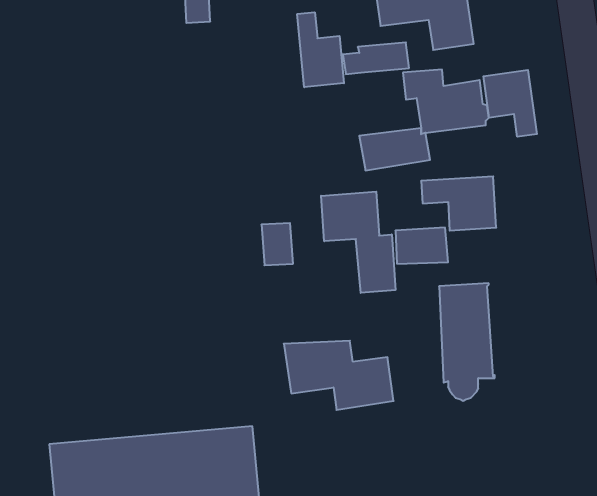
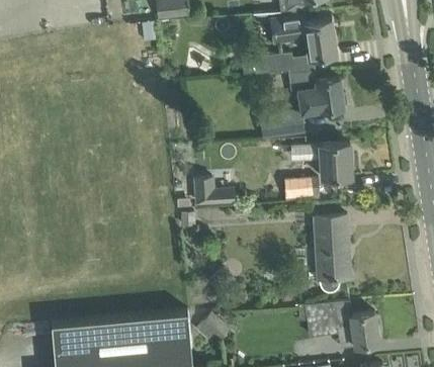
building: [297,12,344,87] -> none
building: [483,70,537,137] -> none
building: [321,192,395,293] -> none
building: [284,341,394,410] -> [306,303,379,350]

